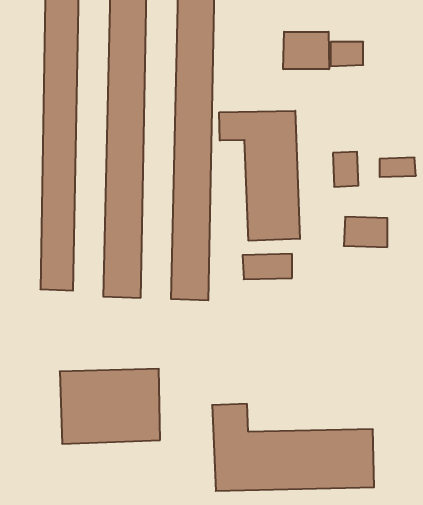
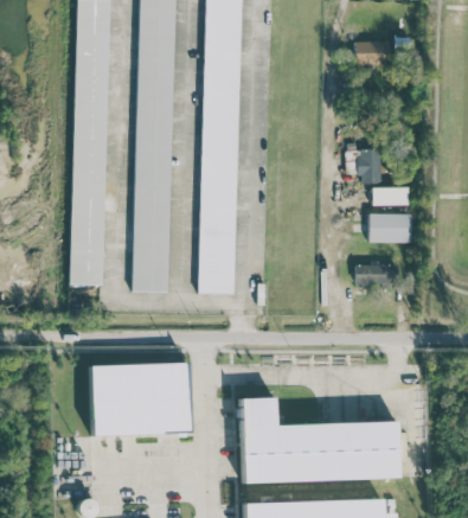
building: [283,32,329,69] -> none
building: [219,111,300,241] -> none
building: [380,158,416,177] -> [372,187,408,206]
building: [243,254,292,279] -> [354,264,403,289]

